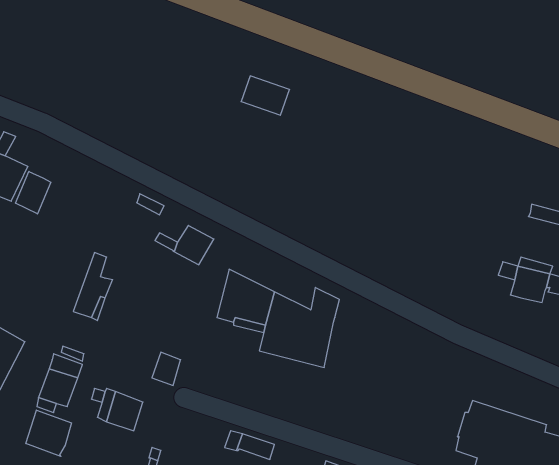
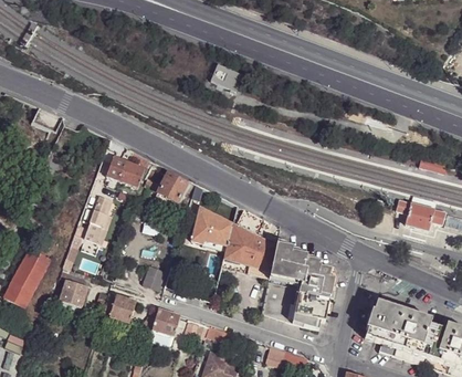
building: [16,171,51,214] -> none
building: none -> [106,156,145,187]
building: none -> [261,244,334,329]
building: [26,410,71,456] -> none
building: none -> [151,310,179,336]

